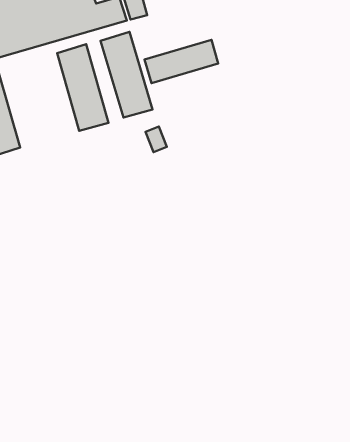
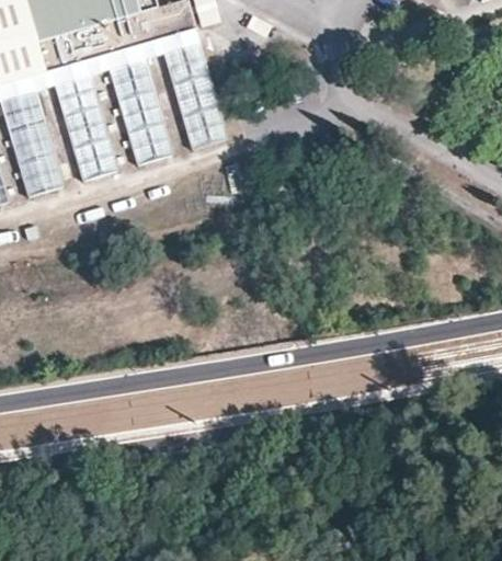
building: [144,40,218,83] -> none
building: none -> [55,73,118,180]

